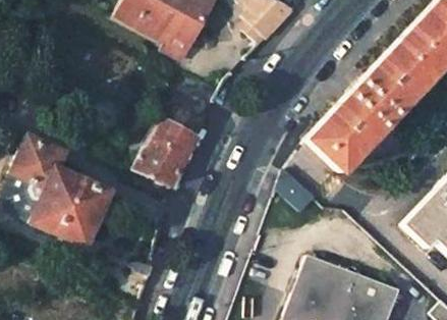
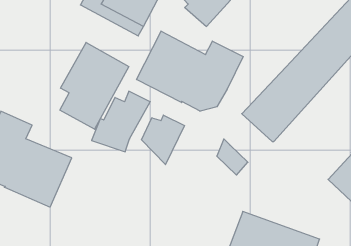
building: none -> [137,31,243,111]
building: none -> [60,42,129,129]
building: none -> [142,115,184,165]

